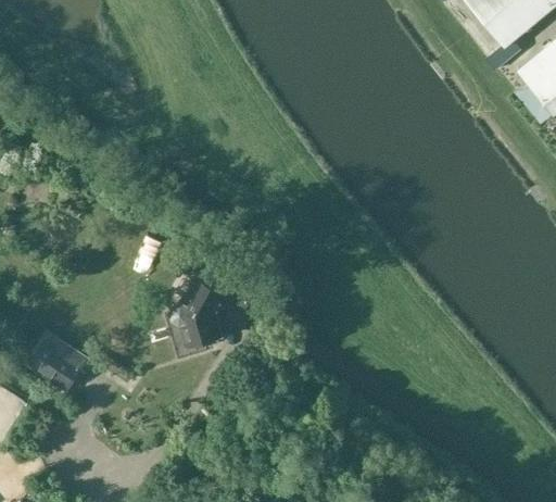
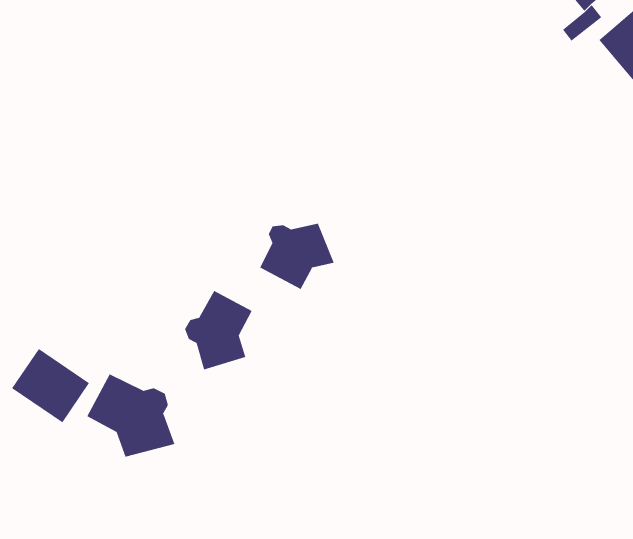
building: none -> [259,223,334,290]
building: none -> [87,373,175,457]

